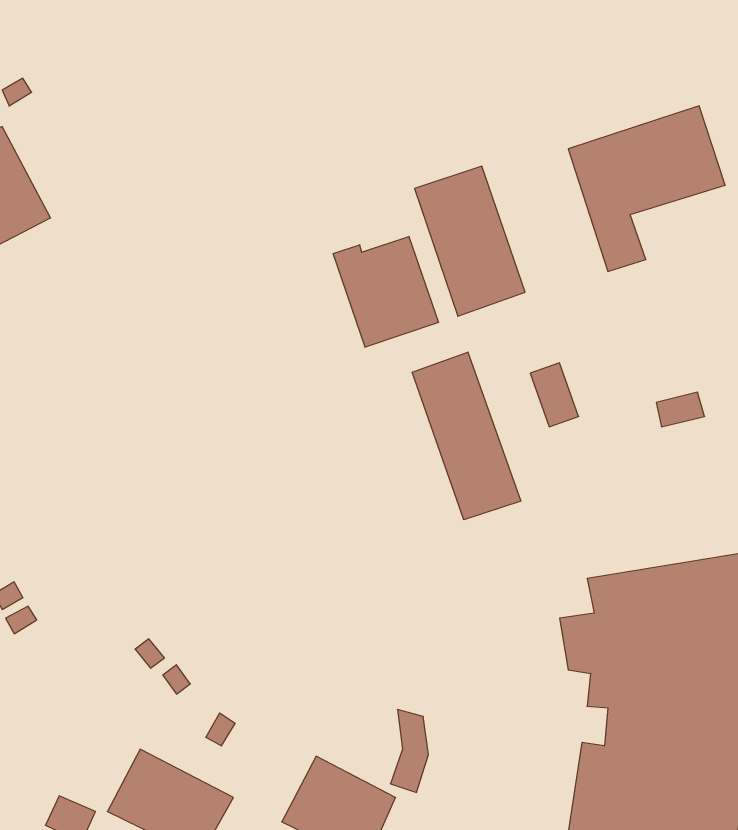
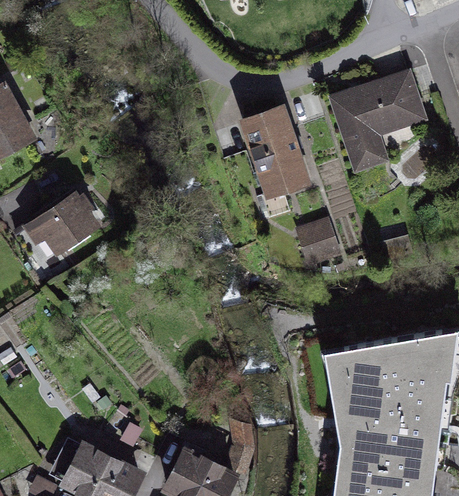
building: [333,236,439,347] -> none
building: none -> [15,194,100,264]
building: [412,352,521,520] -> none

